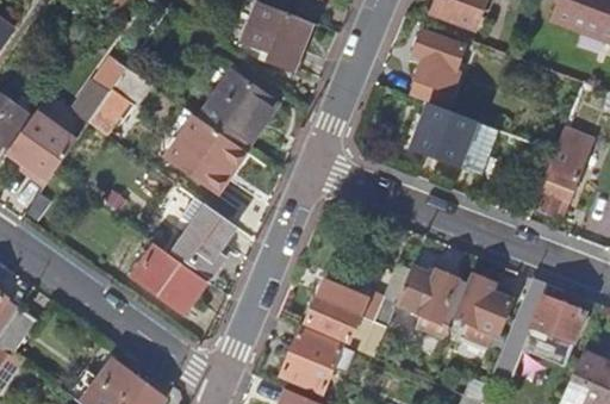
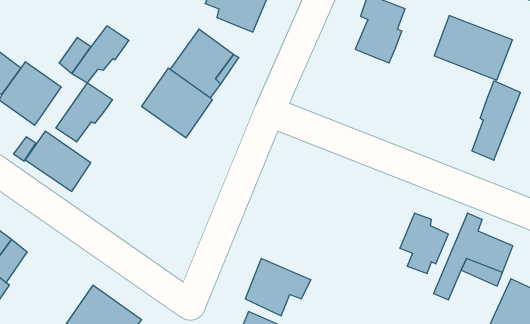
building: [412,102,500,175] -> [434,16,513,80]
building: none -> [56,83,112,142]
building: [176,204,235,274] -> none
building: [132,243,206,311] -> [25,131,91,191]
building: [394,266,467,337] -> none
building: [307,280,385,354] -> none

